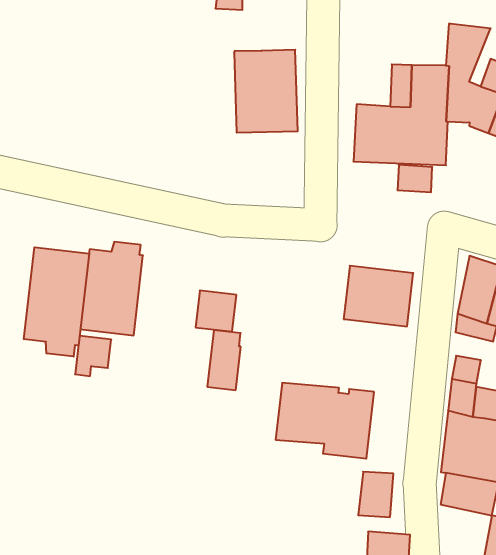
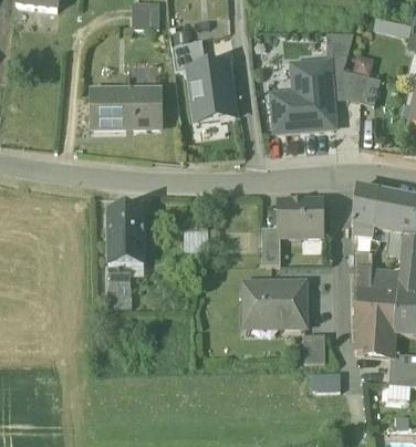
building: none -> [173,39,206,71]
building: none -> [92,89,160,126]
building: [24,247,89,357] -> none
building: [207,330,241,390] -> [262,226,281,263]

